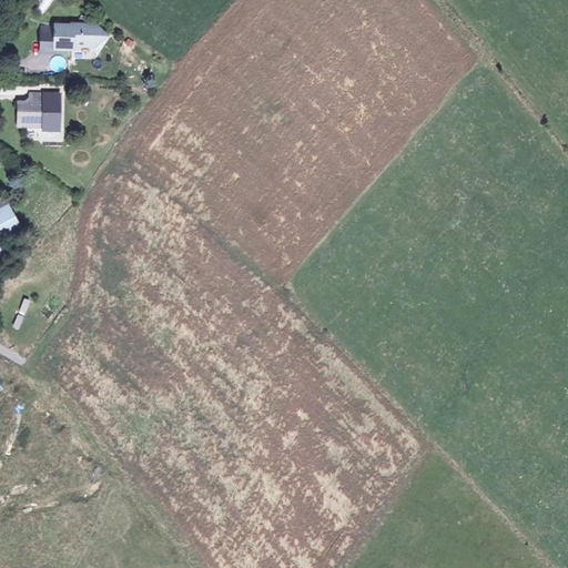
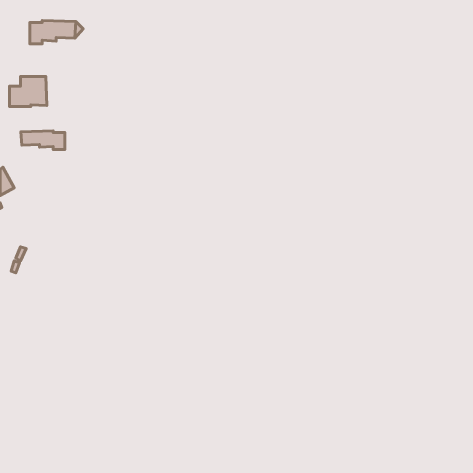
building: none -> [21,131,65,150]

